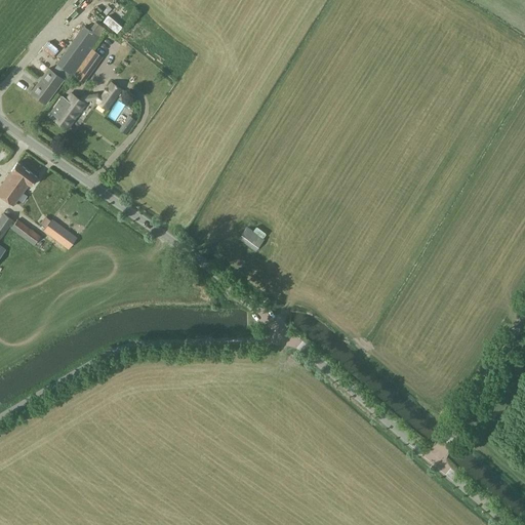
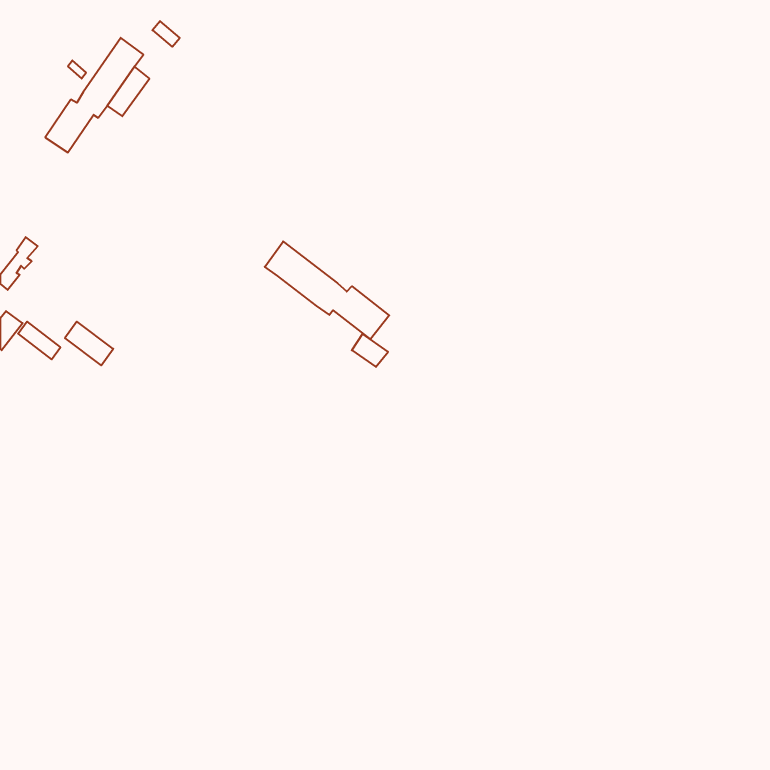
building: [52,80,123,128] -> none
building: none -> [265,241,389,339]
building: [6,167,39,203] -> none

